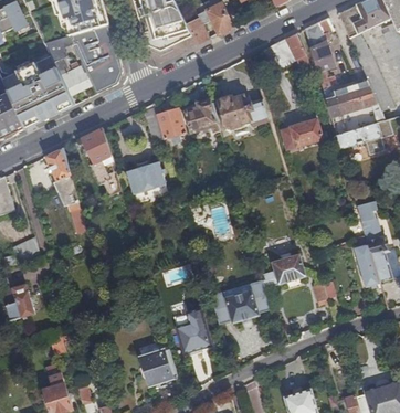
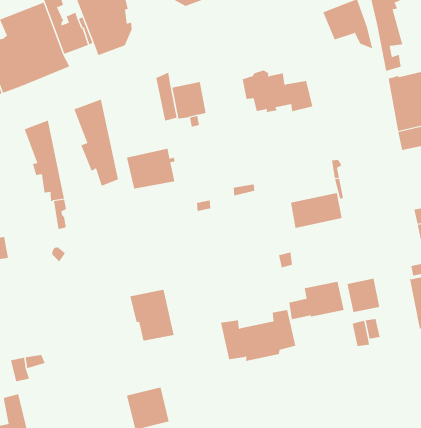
building: [186,99,219,133] -> none
building: [281,118,323,149] -> [290,192,343,228]
building: none -> [347,278,380,313]
building: [173,308,211,350] -> [129,289,174,341]

